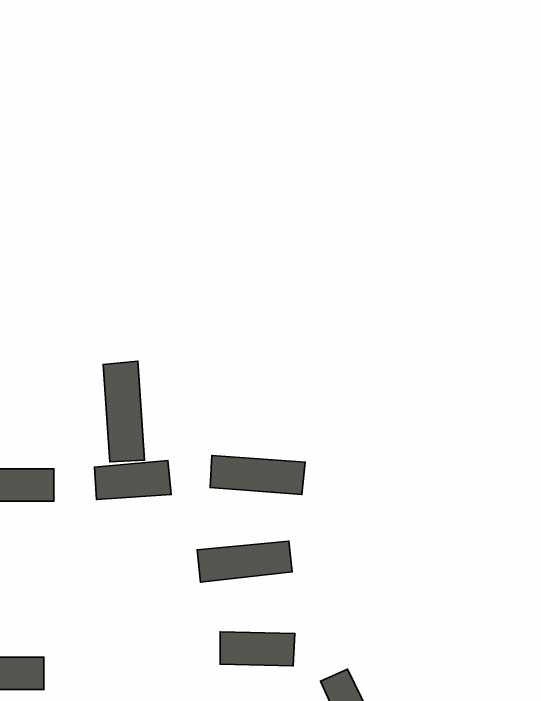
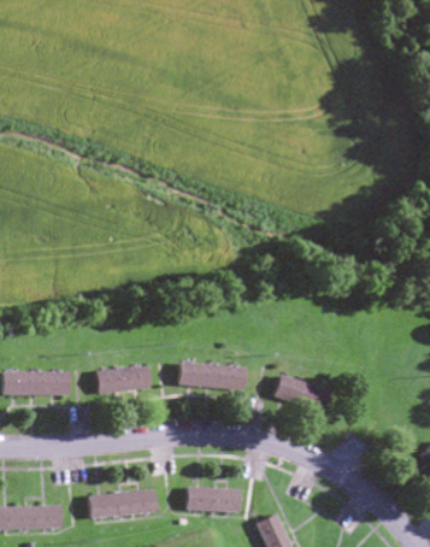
building: [103,361,145,462] -> none
building: none -> [273,375,331,412]
building: [197,541,292,582] -> [89,489,157,518]

